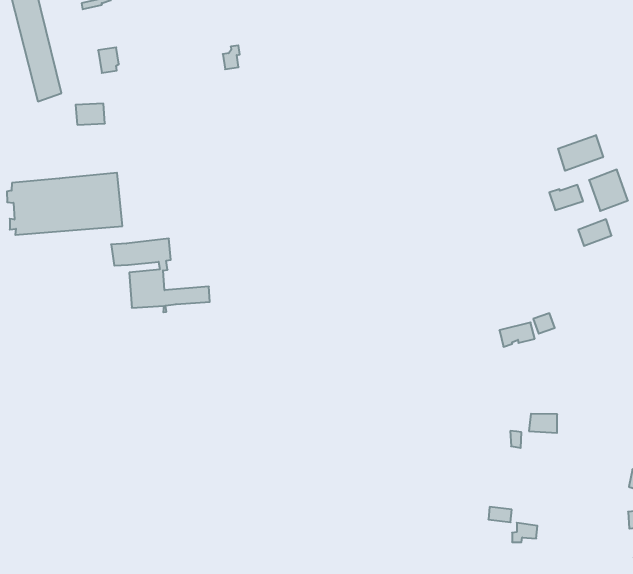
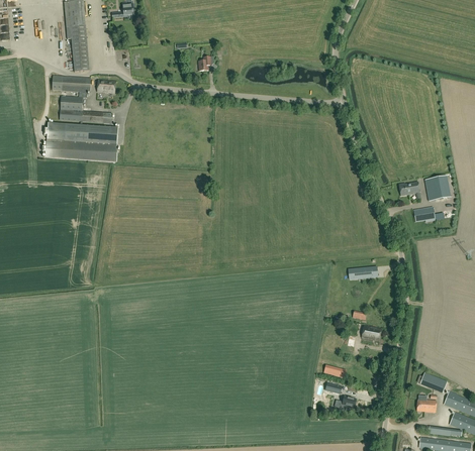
building: [558,135,603,171] -> none
building: [111,239,210,312] -> [52,75,111,124]

